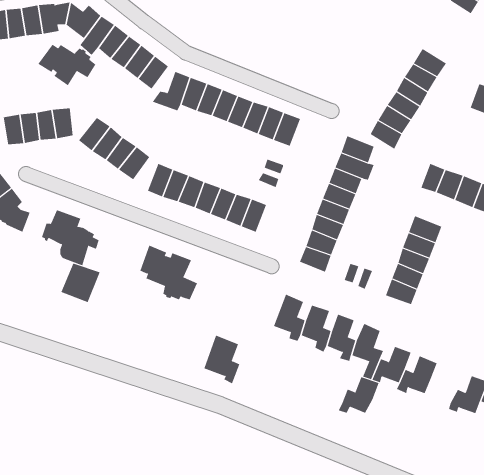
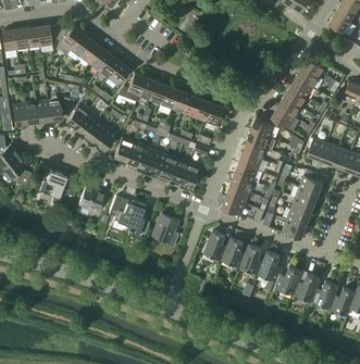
building: [38,44,96,86] -> none
building: [60,263,100,303] -> [77,185,105,213]
building: [203,335,240,384] -> [152,213,178,248]
building: [338,377,379,413] -> [309,281,338,307]

